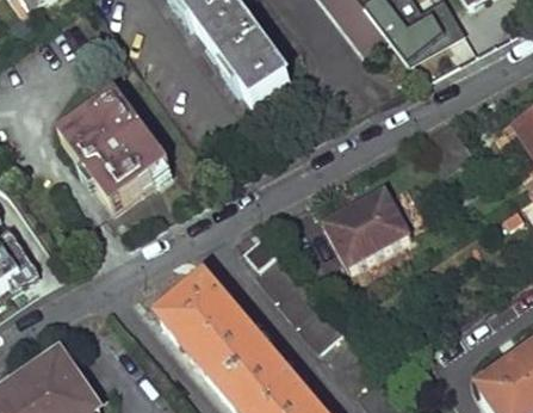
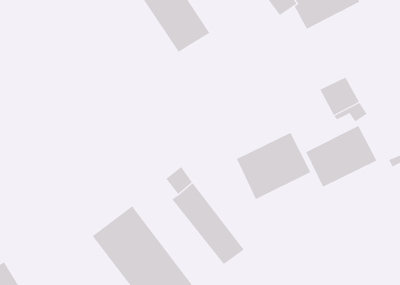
building: [60,88,168,202] -> none
building: none -> [306,125,377,188]

